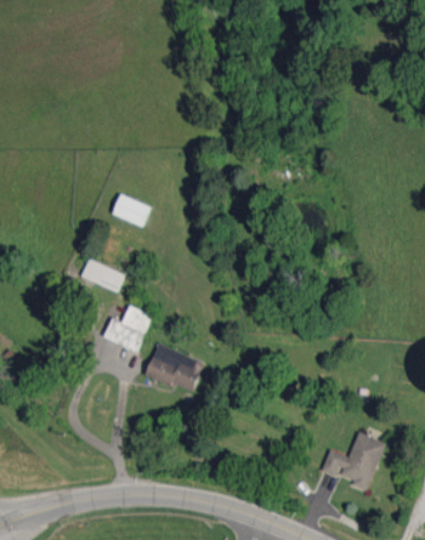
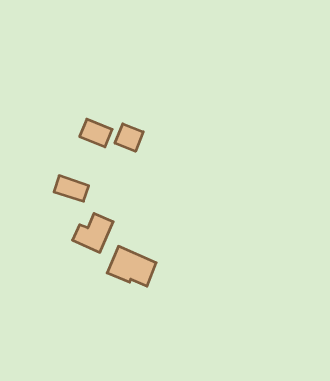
building: none -> [115,124,143,151]
building: [319,432,384,488] -> none

